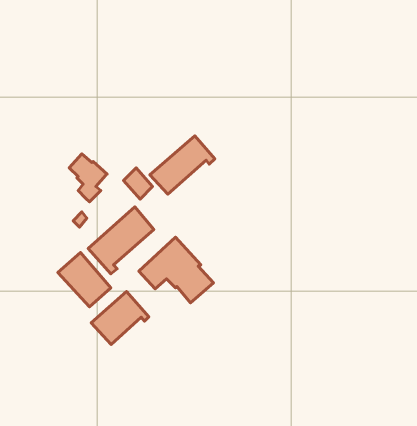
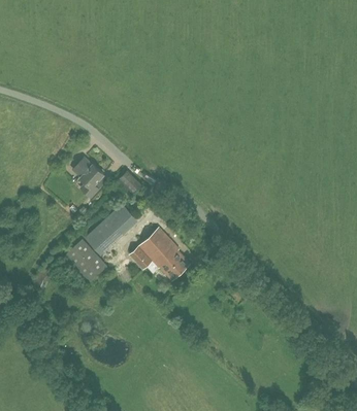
building: [150,136,215,194] -> none
building: [91,291,149,344] -> none

